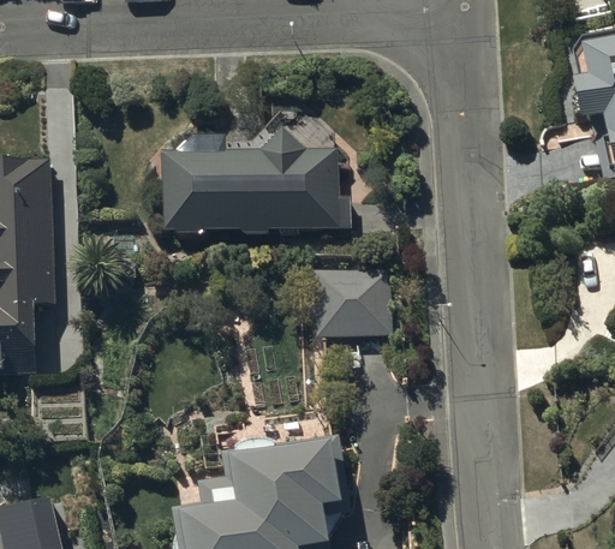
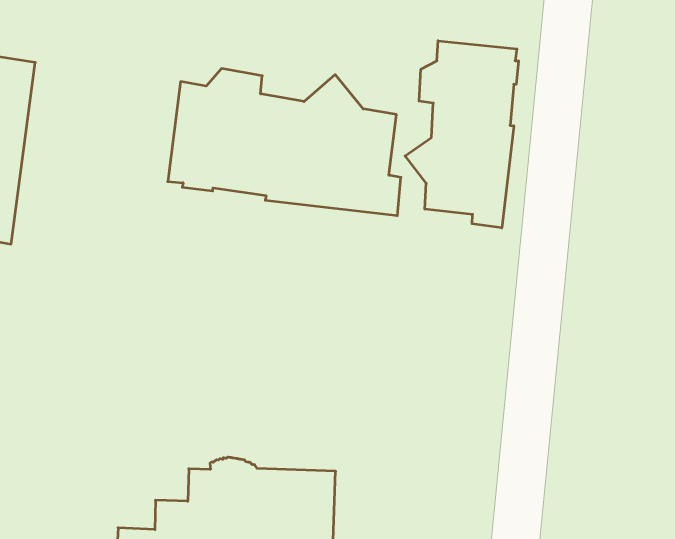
building: none -> [405,41,519,228]
building: [315,269,390,335] -> none

